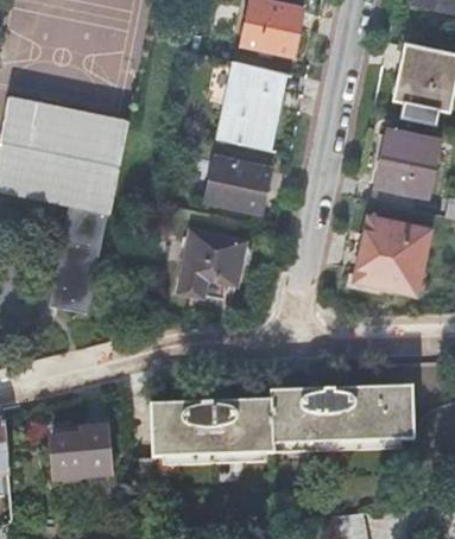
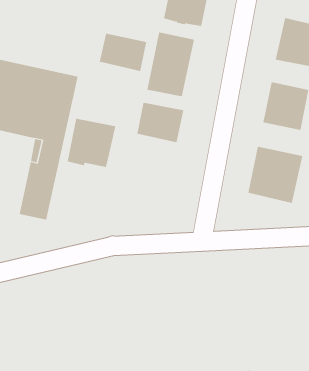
building: none -> [99,33,147,72]
building: [179,229,246,296] -> [67,118,116,168]
building: [150,388,411,459] -> none
building: [49,429,107,480] -> none

